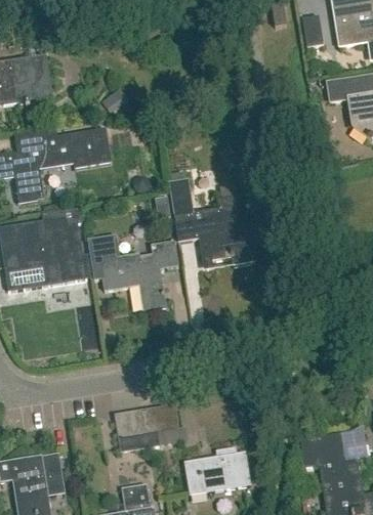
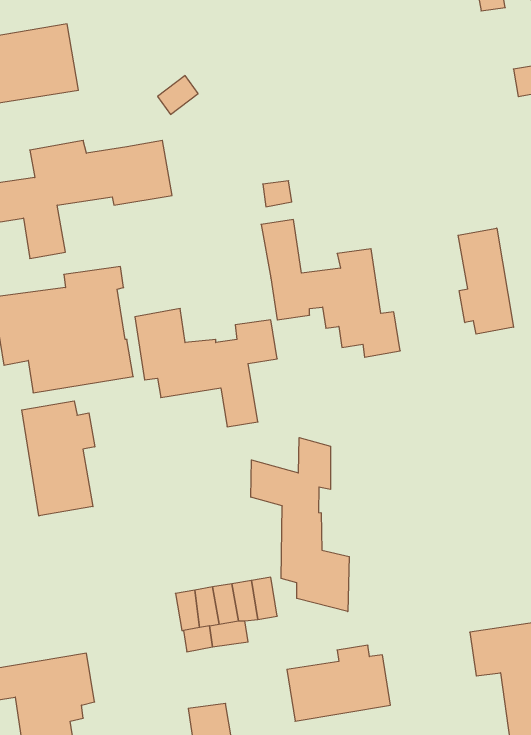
building: none -> [458,228,514,334]
building: none -> [22,401,95,516]
building: none -> [251,438,349,612]

